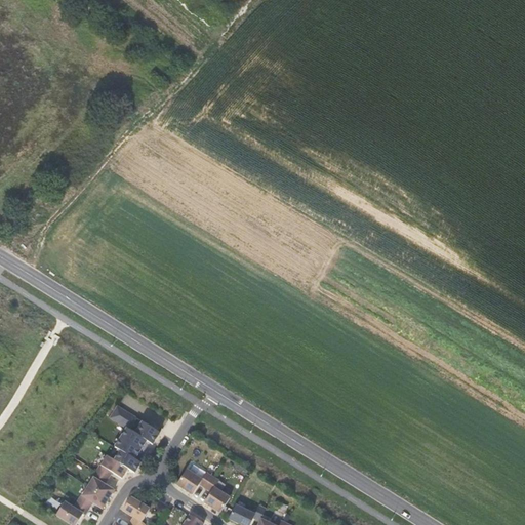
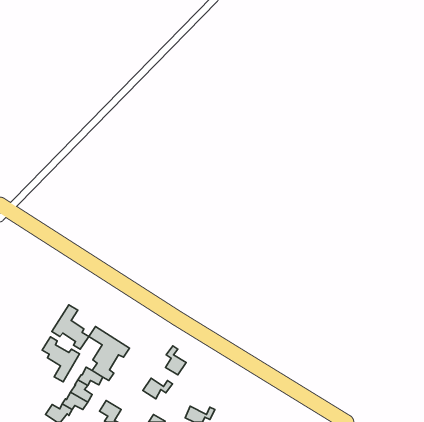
building: none -> [52,305,89,349]
building: none -> [42,337,80,382]
building: [204,475,230,511] -> [165,346,186,375]

